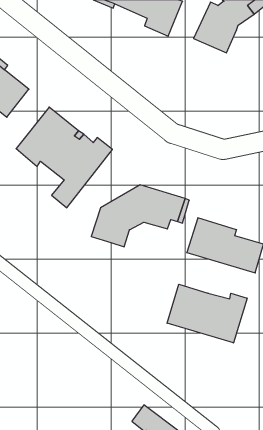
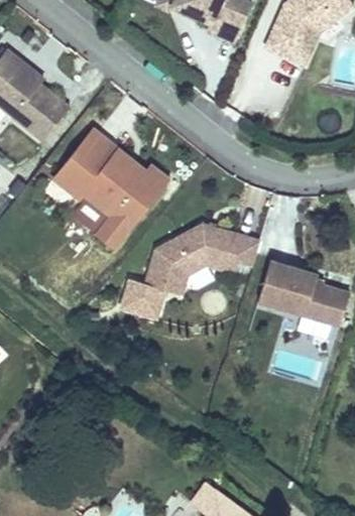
building: none -> [118,277,166,319]
building: [167,284,247,343] -> none

